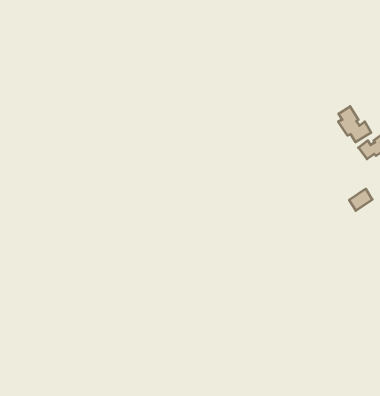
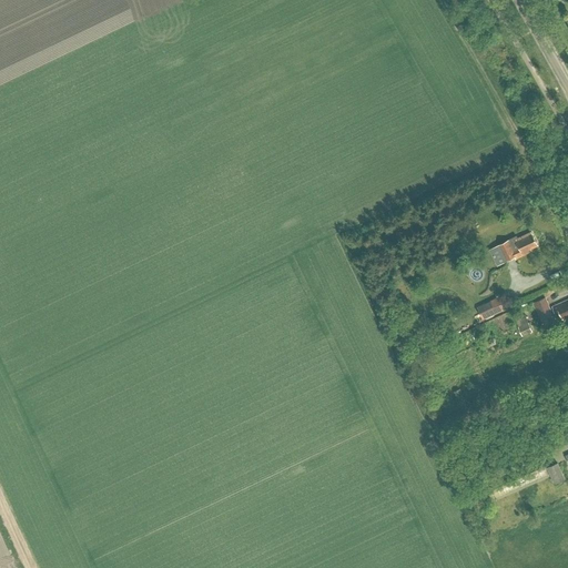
building: [338,106,371,142] -> none

